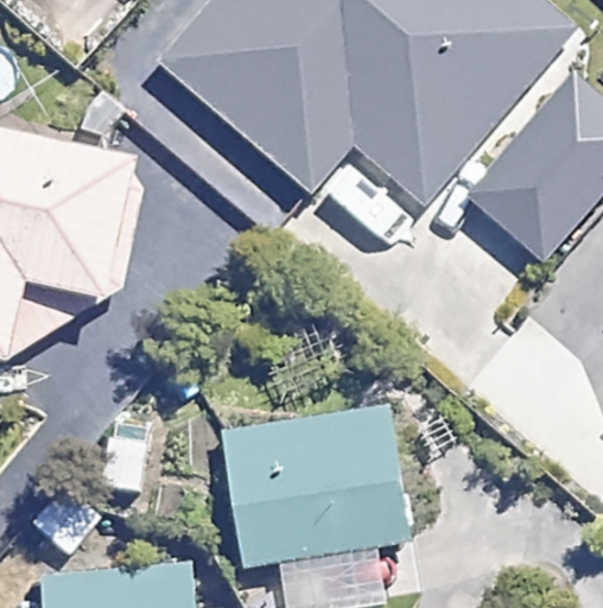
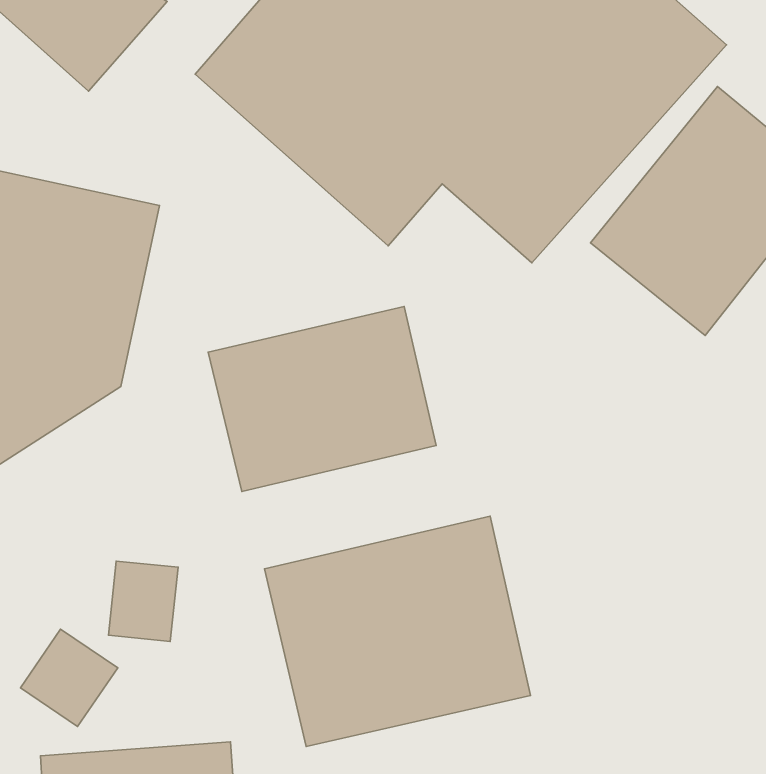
building: none -> [208,306,436,492]

